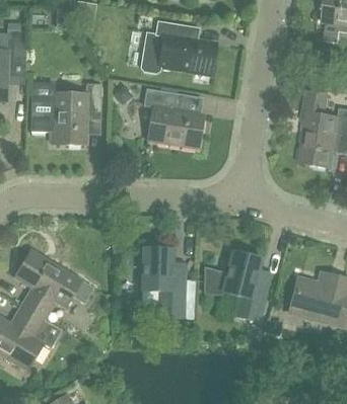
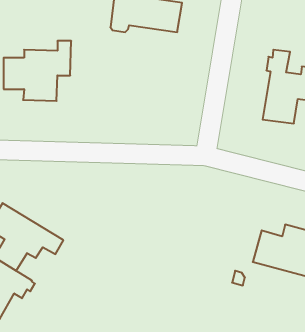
building: [143,86,204,148] -> none
building: [140,247,185,305] -> none
building: [204,249,267,321] -> none

